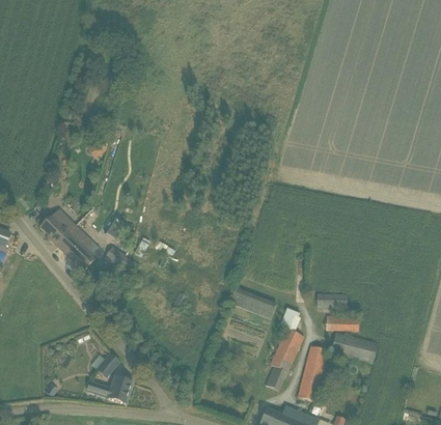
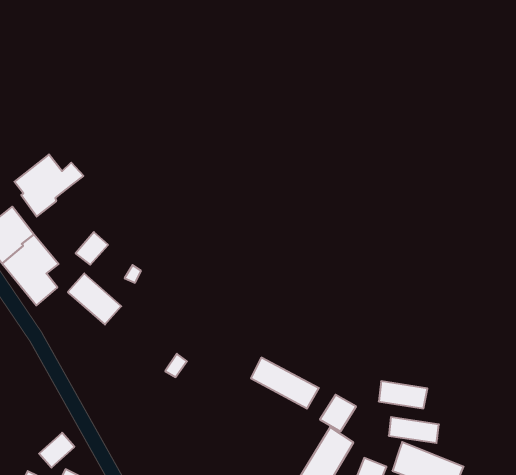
building: none -> [14,154,83,217]

